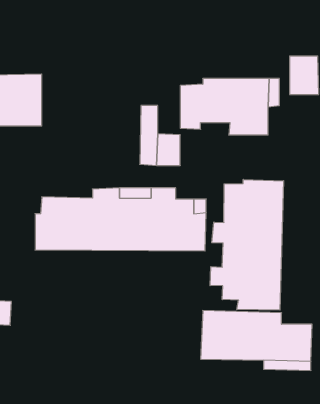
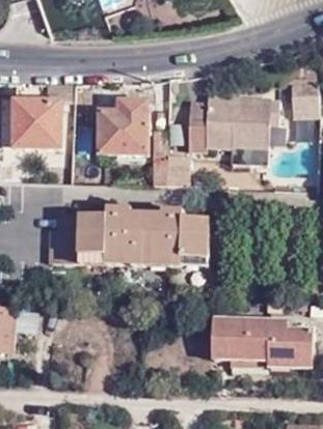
building: none -> [98,98,147,155]
building: [210,179,284,310] -> none

